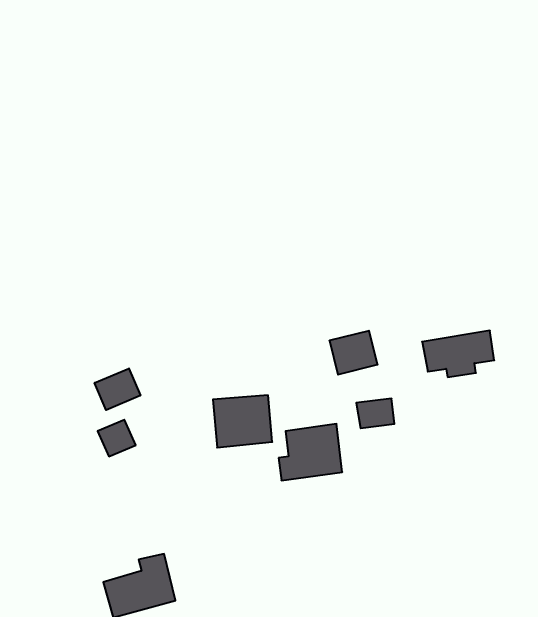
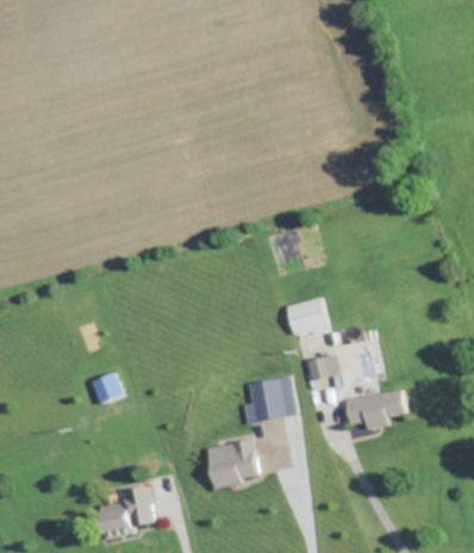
building: [422,331,494,377] -> [345,390,406,429]
building: [95,368,140,410] -> none
building: [213,395,272,448] -> [207,441,257,485]

